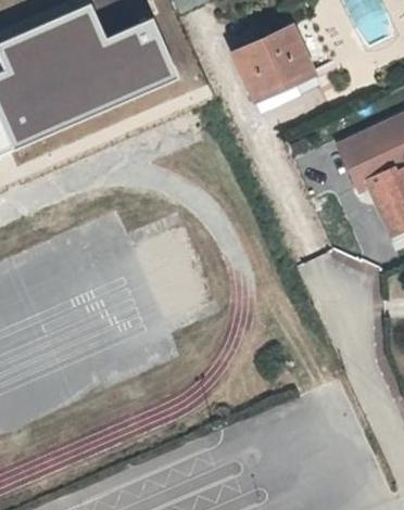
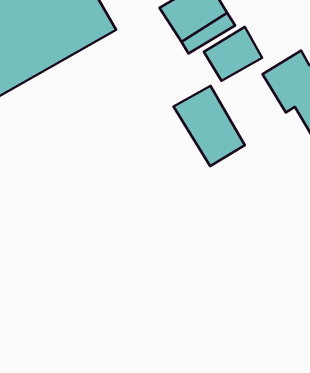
building: none -> [204,27,262,81]
building: none -> [174,86,245,166]

